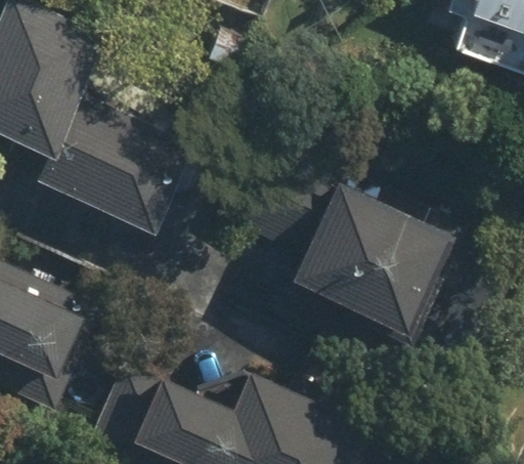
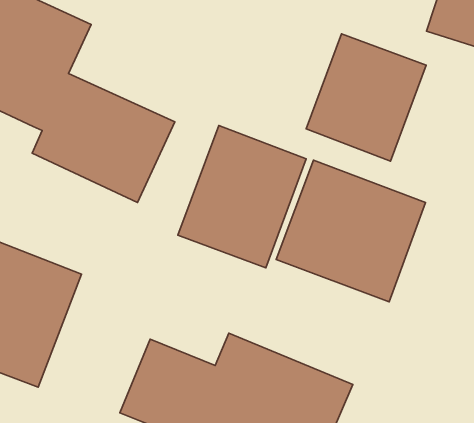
building: none -> [306,34,426,161]
building: none -> [178,126,306,268]

